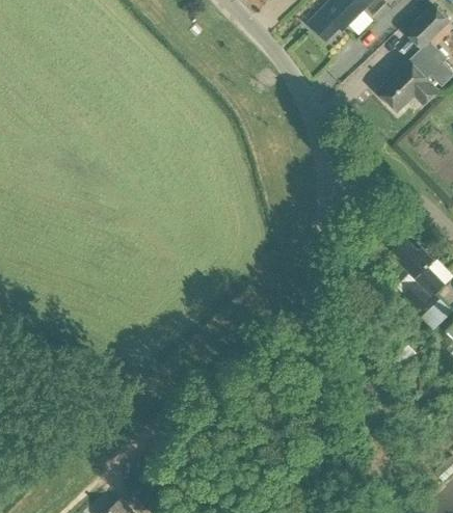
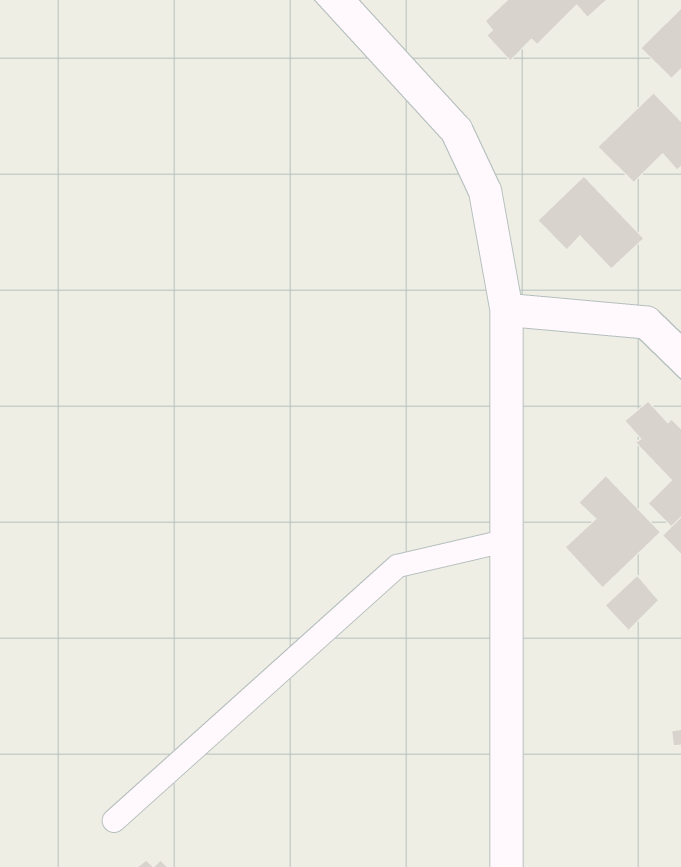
building: none -> [538,176,644,269]
building: none -> [565,476,660,588]

